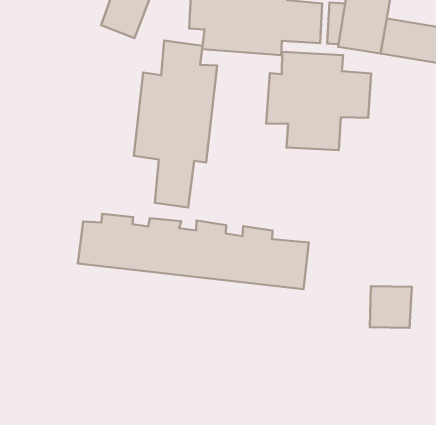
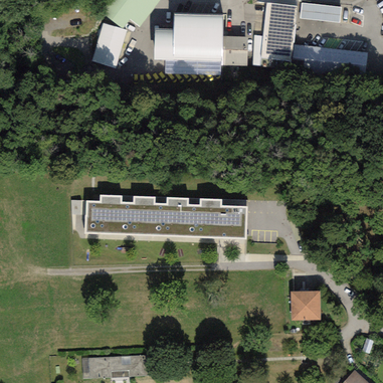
building: [134,40,217,208] -> none
building: [266,52,371,150] -> none
building: [370,286,412,328] -> [291,290,320,320]

